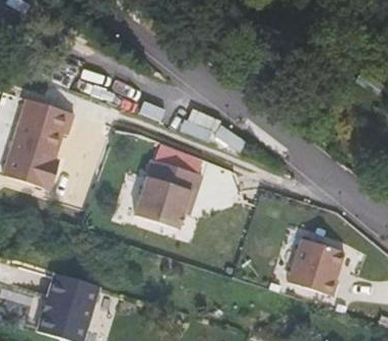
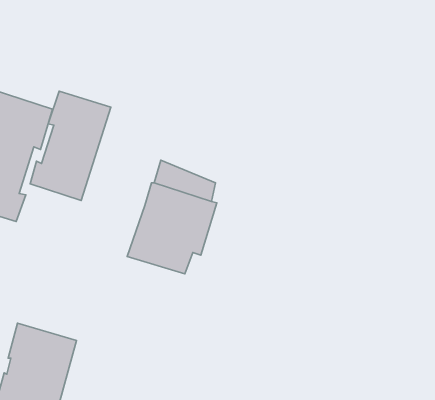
building: none -> [30,91,111,201]
building: [287,243,343,300] -> none

